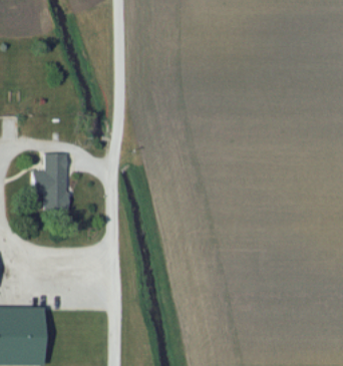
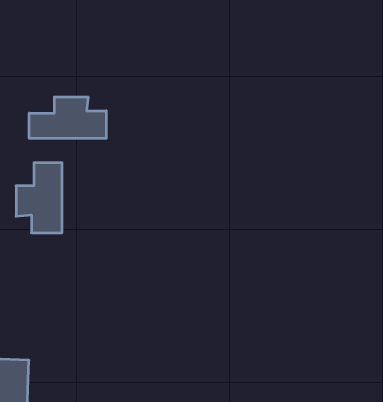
building: none -> [29,97,106,138]

